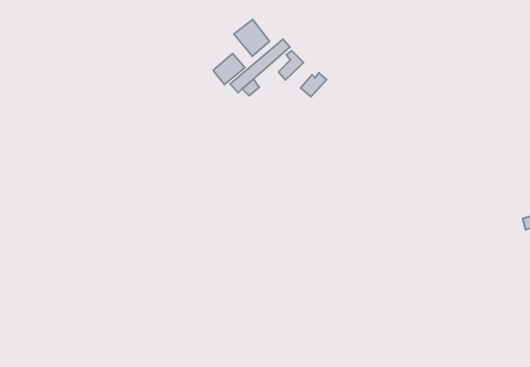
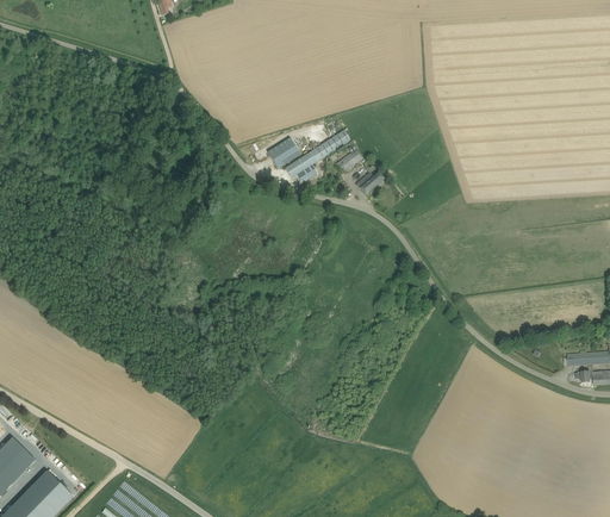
building: [234,19,270,56] -> none

